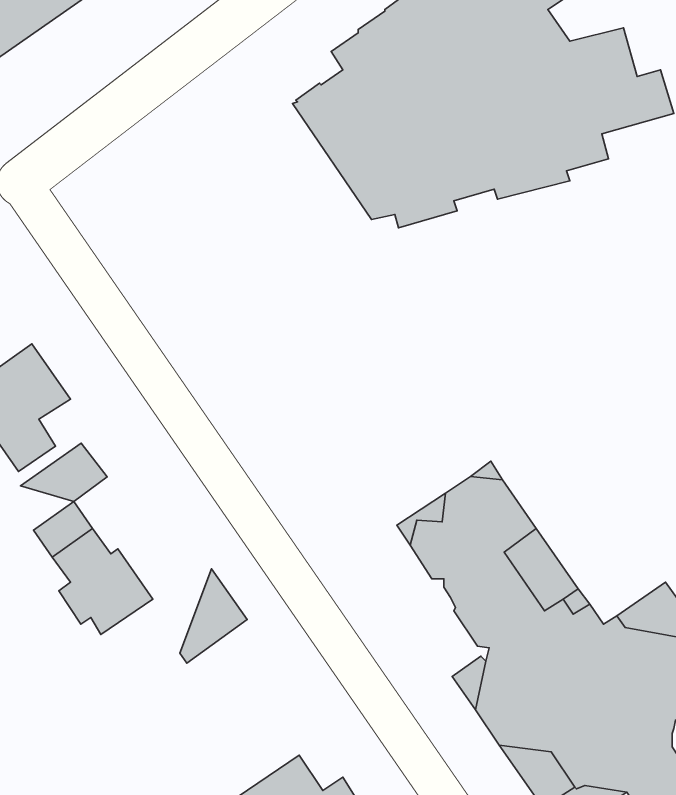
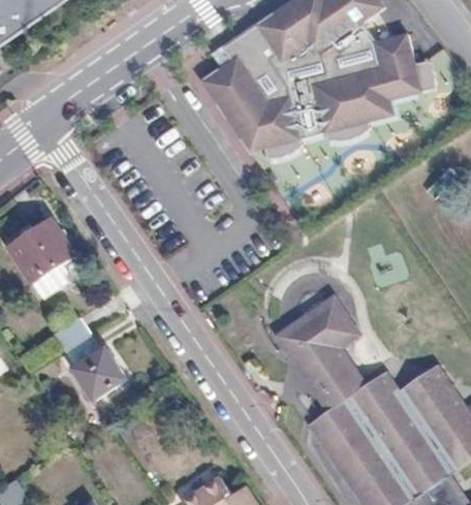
building: [21,443,107,502] -> none
building: [180,569,247,663] -> none

